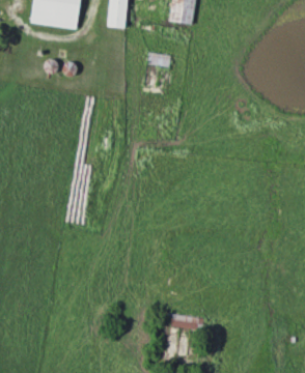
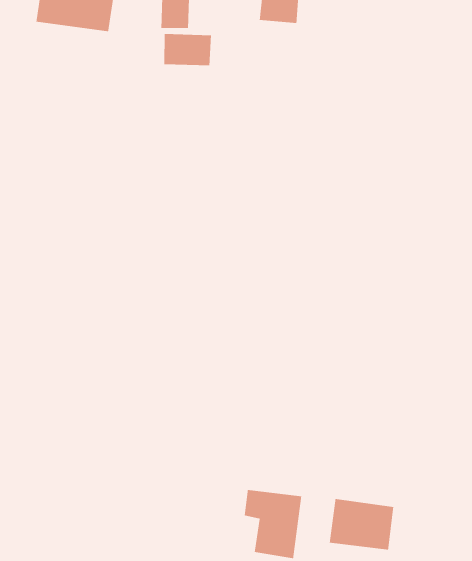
building: none -> [164,33,212,66]
building: none -> [329,498,394,550]

